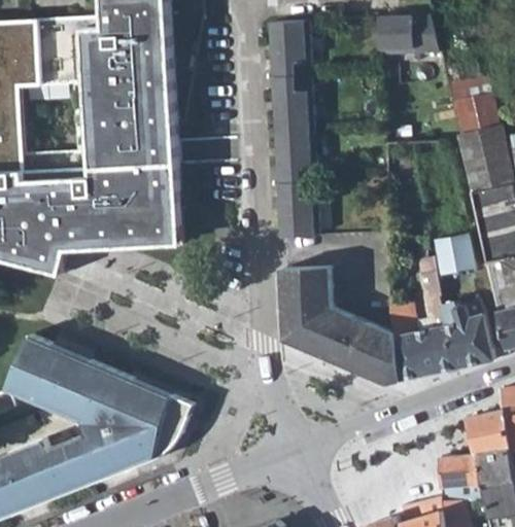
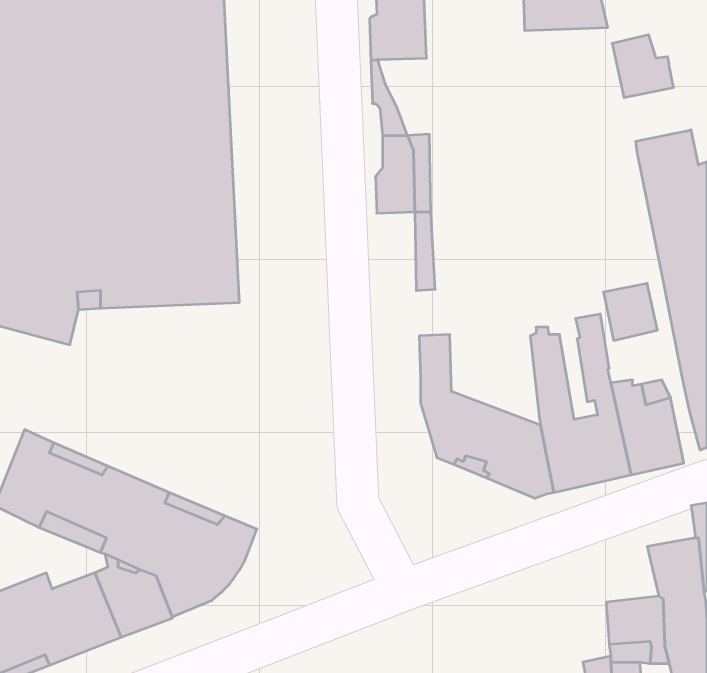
building: [277,74,313,129] -> none
building: [450,94,494,133] -> none
building: [276,182,304,238] -> none
building: [280,270,318,355] -> none

